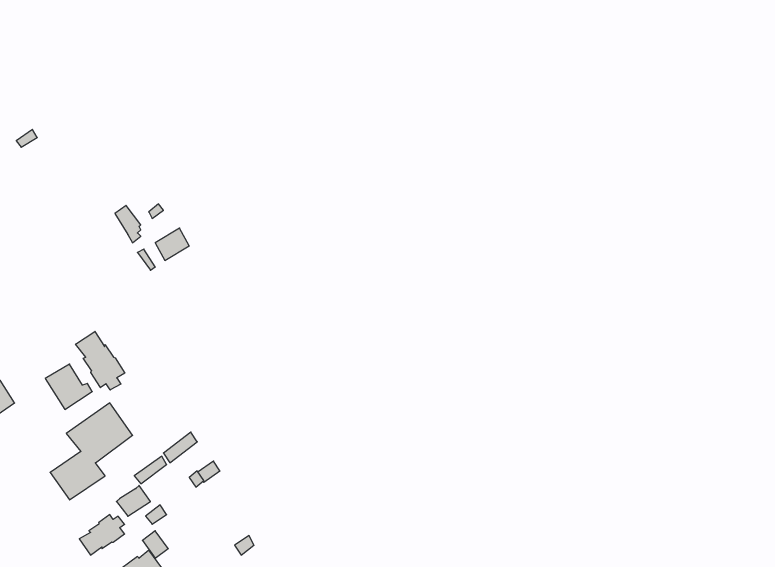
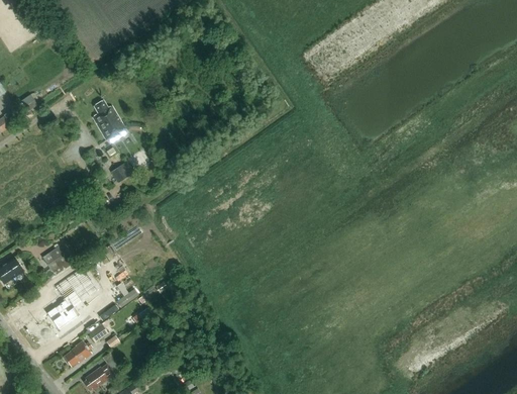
building: none -> [92,100,124,139]
building: [76,331,125,390] -> none

